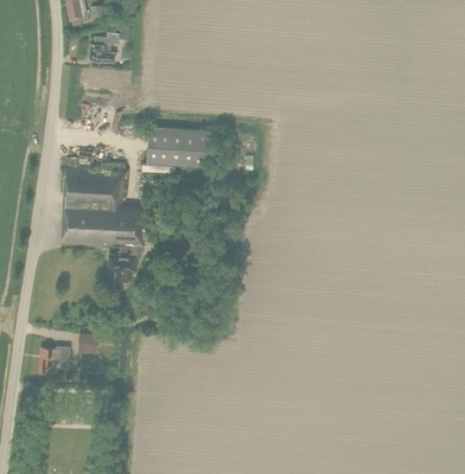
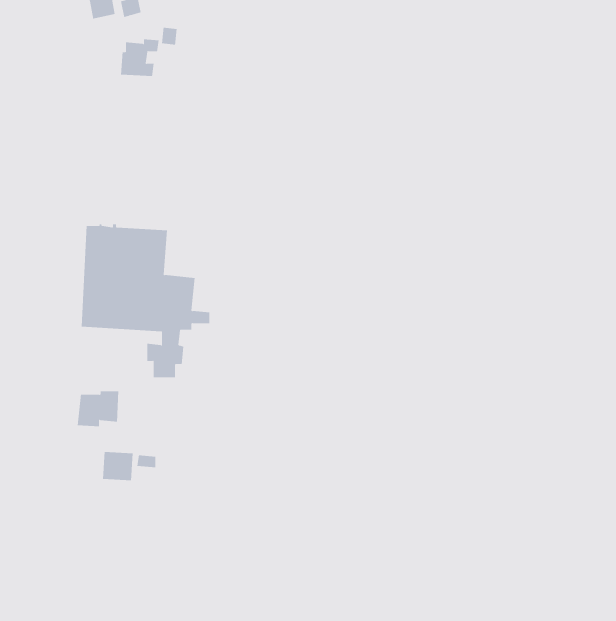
building: [146,126,210,168] -> none
building: [39,346,70,372] -> [77,391,119,427]

